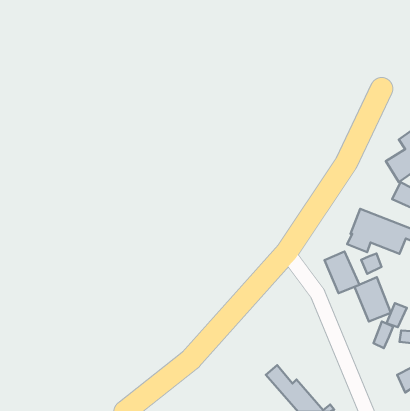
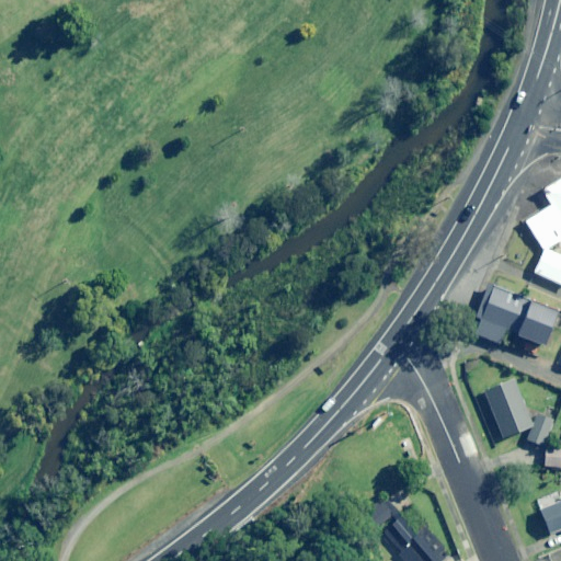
building: [325,252,359,293] -> none
building: [361,254,382,274] -> none
building: [374,322,393,348] -> none

